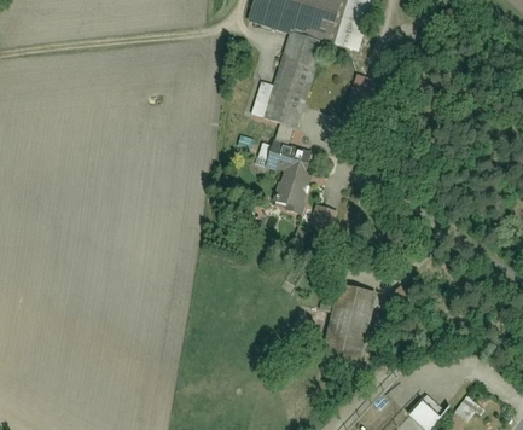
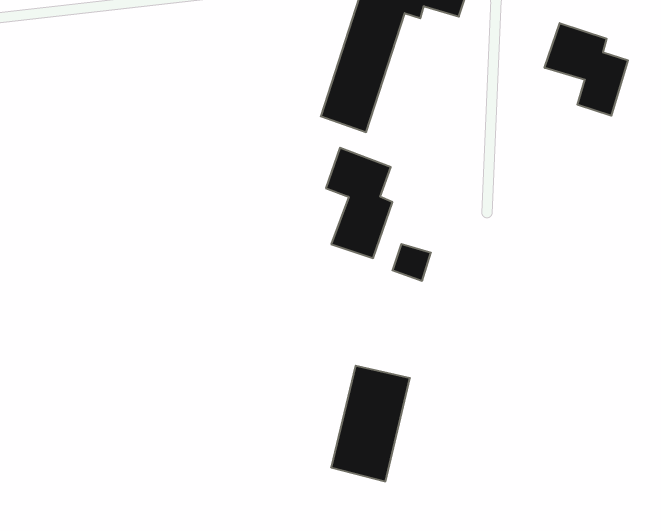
building: none -> [545,23,628,116]
building: [321,283,376,362] -> [331,366,410,481]

